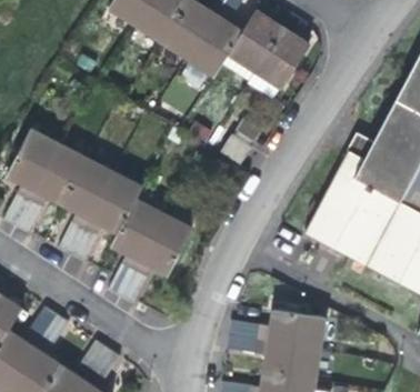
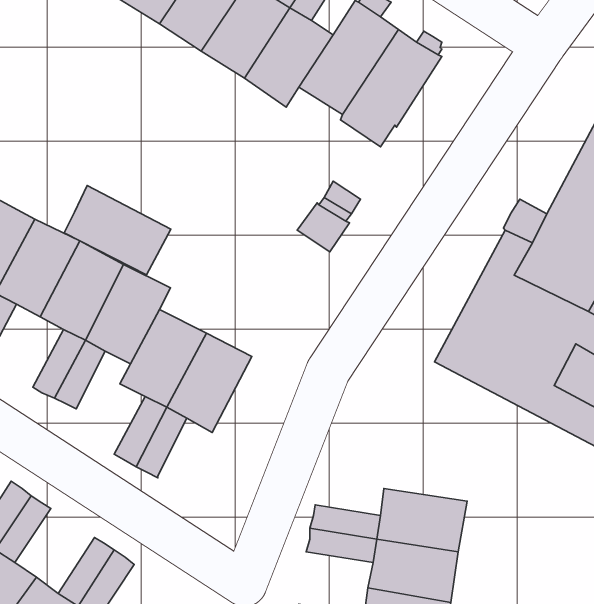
building: none -> [64,185,171,275]

